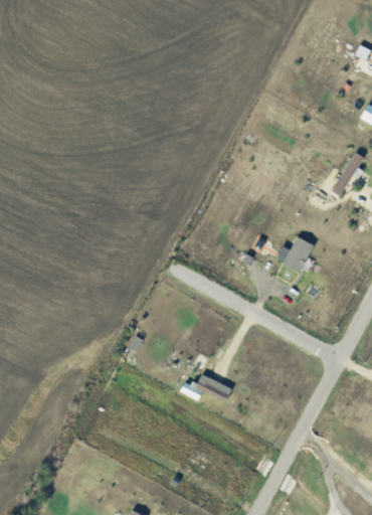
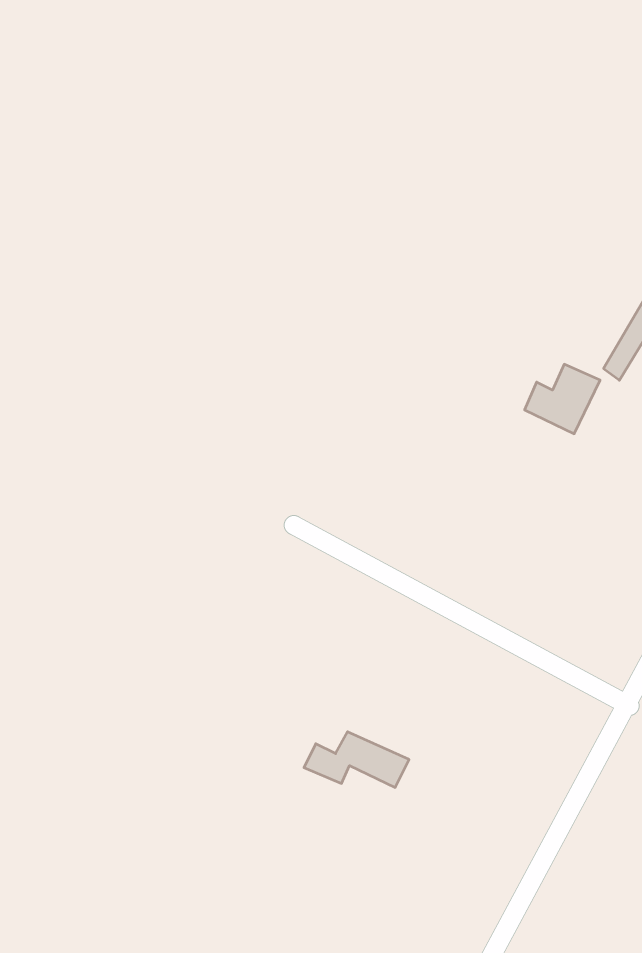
building: [275,235,314,271] -> [525,364,600,434]

